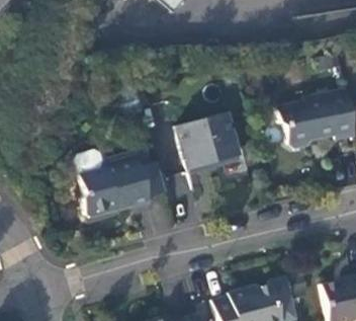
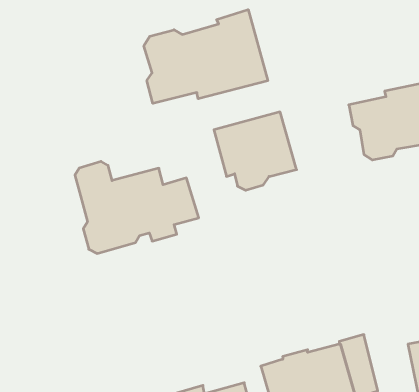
building: none -> [144,10,268,103]

